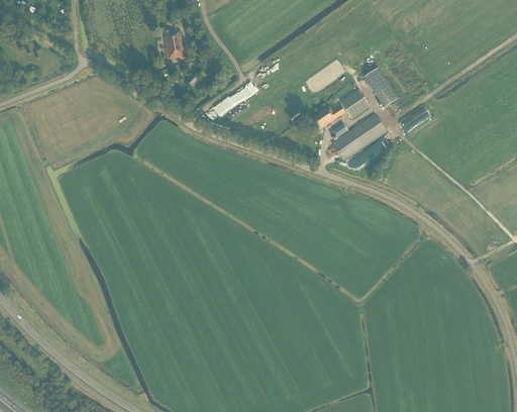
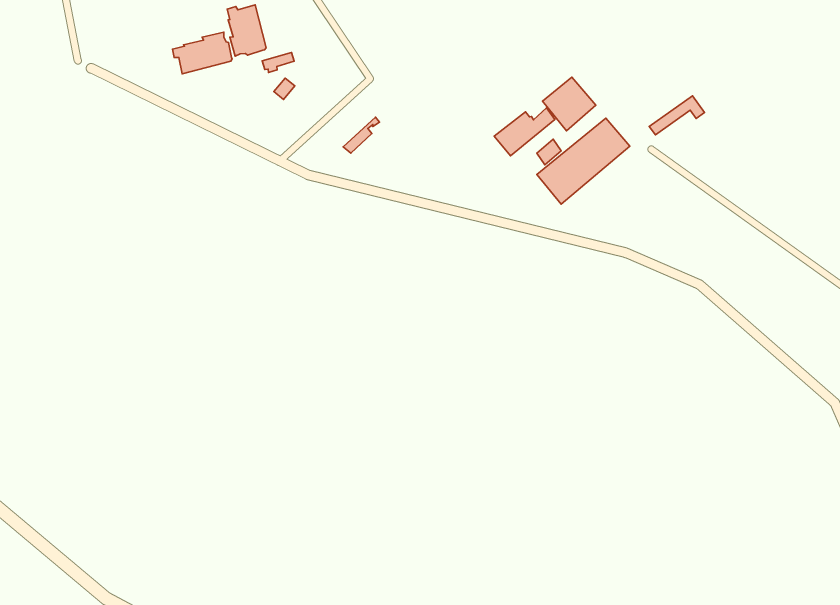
building: none -> [173,32,232,74]
building: [365,69,398,108] -> none

